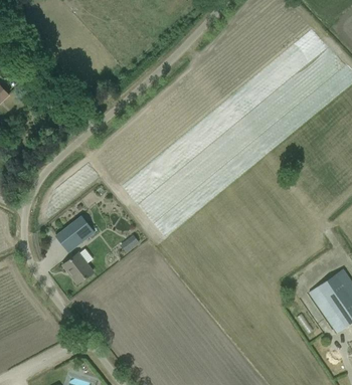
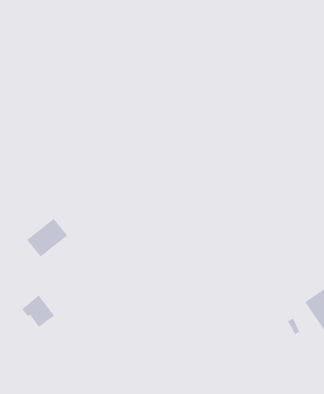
building: [61,252,93,282] -> [21,295,55,328]

